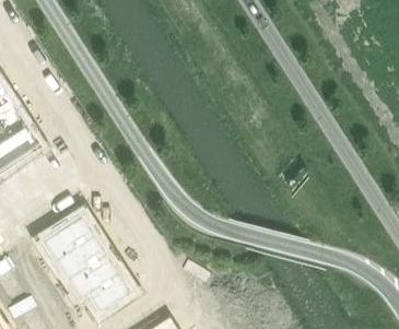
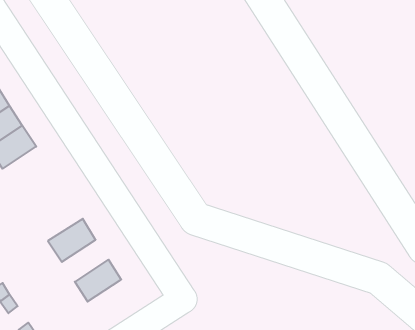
building: [62,236,106,275] -> none
building: [86,273,131,314] -> none

